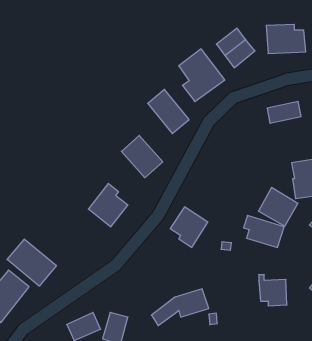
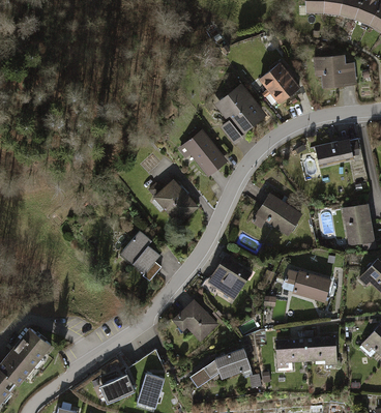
building: [258,187,298,226] -> [262,195,305,237]
building: [7,239,56,286] -> none
building: none -> [172,300,215,341]
building: none -> [277,337,309,371]

